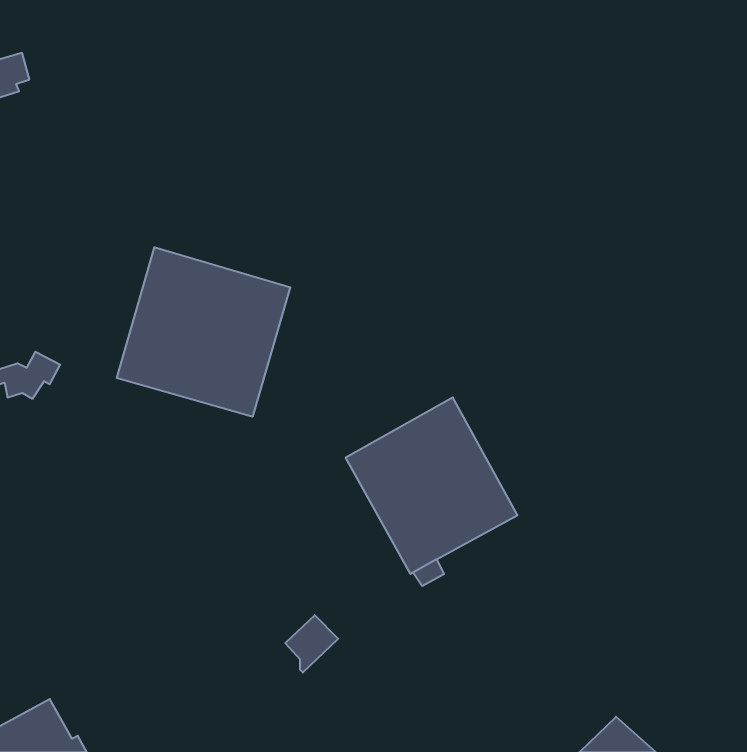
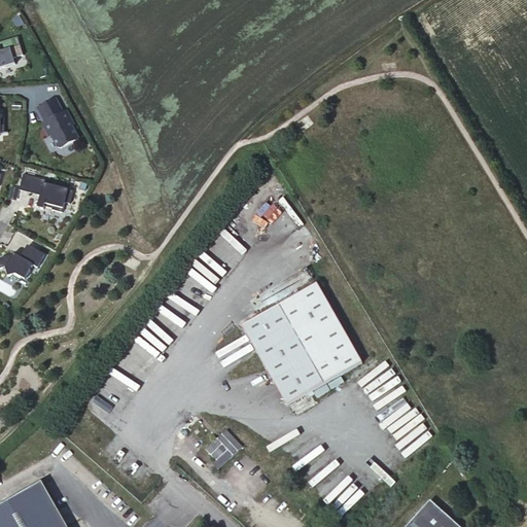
building: none -> [36,99,75,148]
building: [117,247,290,417] -> none
building: none -> [16,174,70,213]

